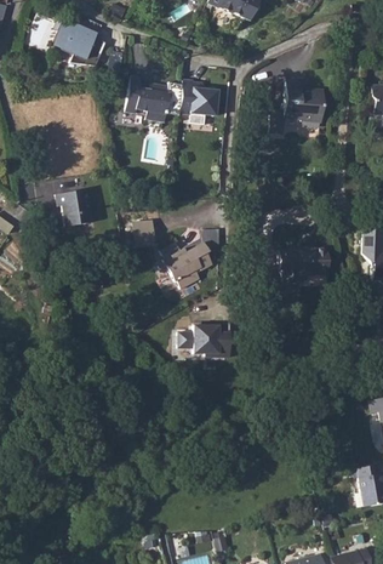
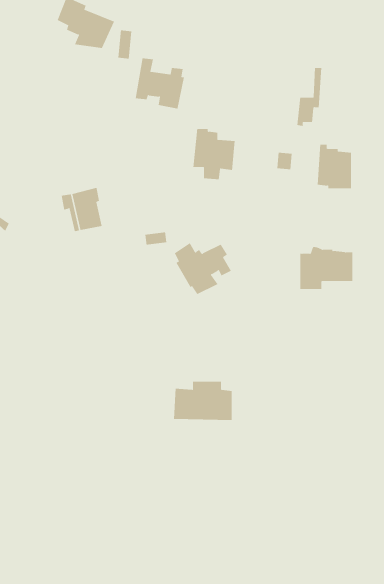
building: [181,79,219,125] -> [192,129,236,180]
building: [292,84,324,124] -> [317,144,352,189]
building: [177,323,230,358] -> [173,381,233,420]

